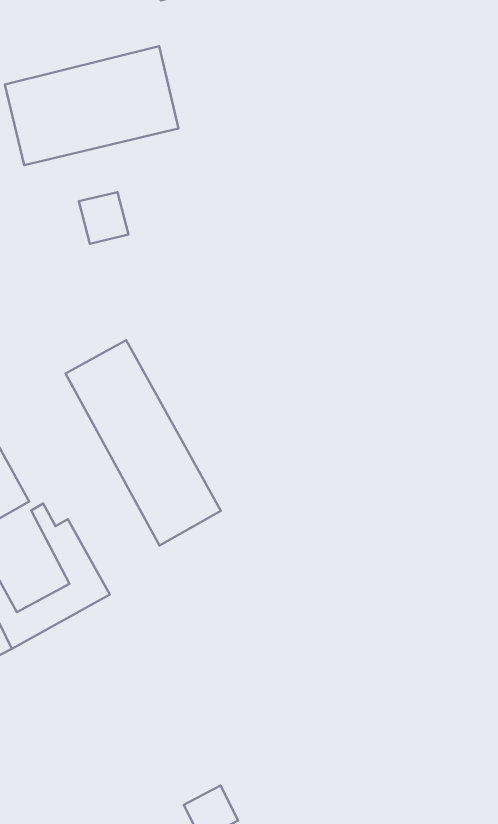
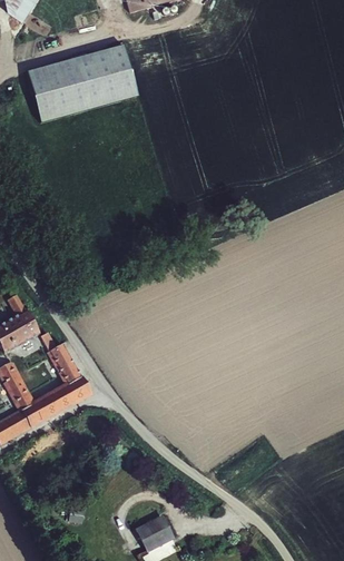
building: [79,192,128,244] -> none
building: [66,340,221,545] -> none

